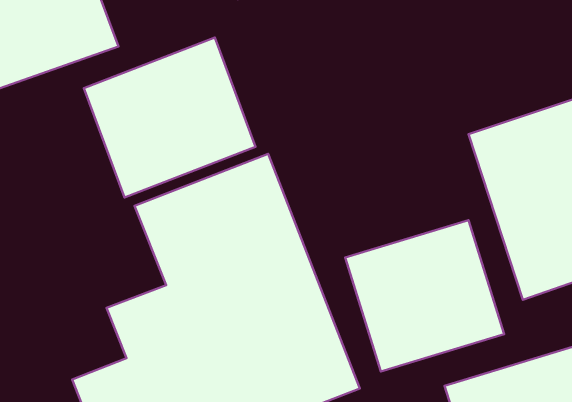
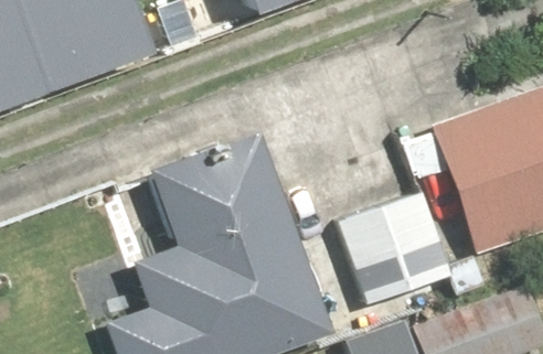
building: [84,38,255,198] -> none

